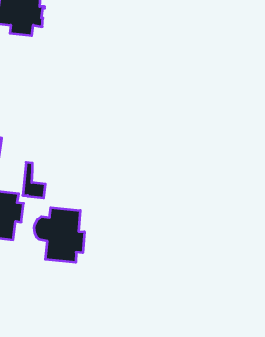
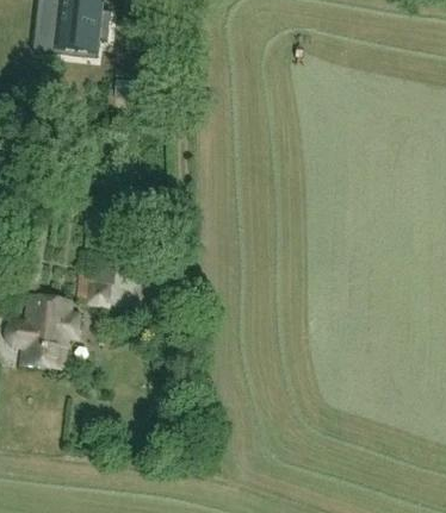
building: [34,208,84,262] -> none

